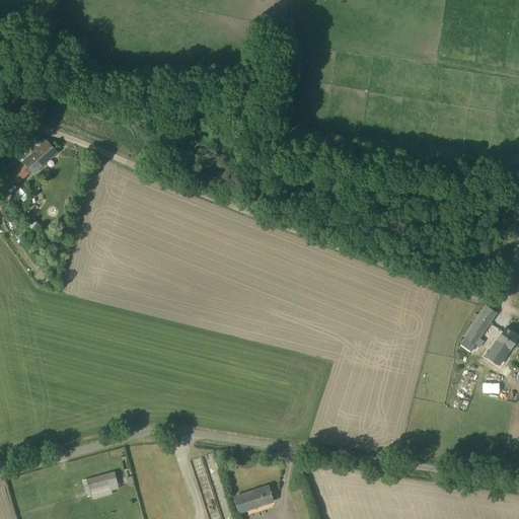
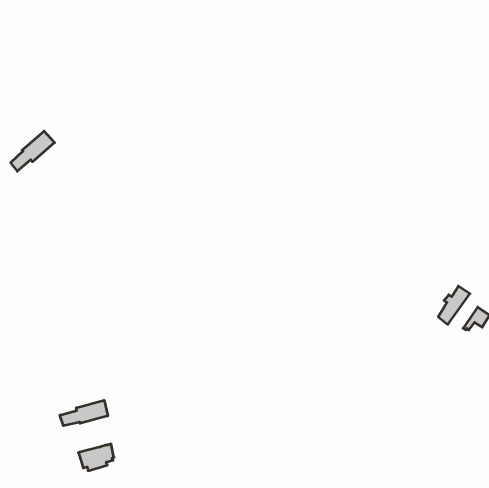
building: none -> [60,400,108,426]
building: [234,485,273,513] -> none

